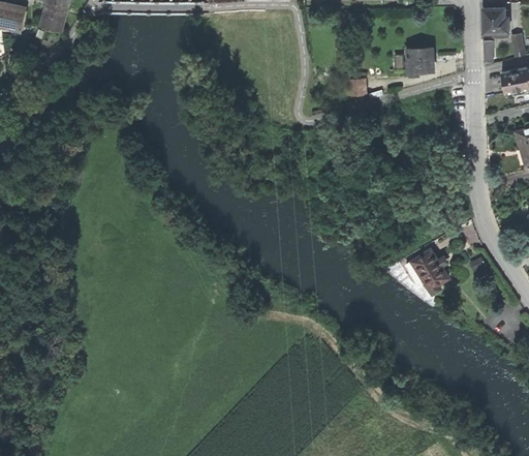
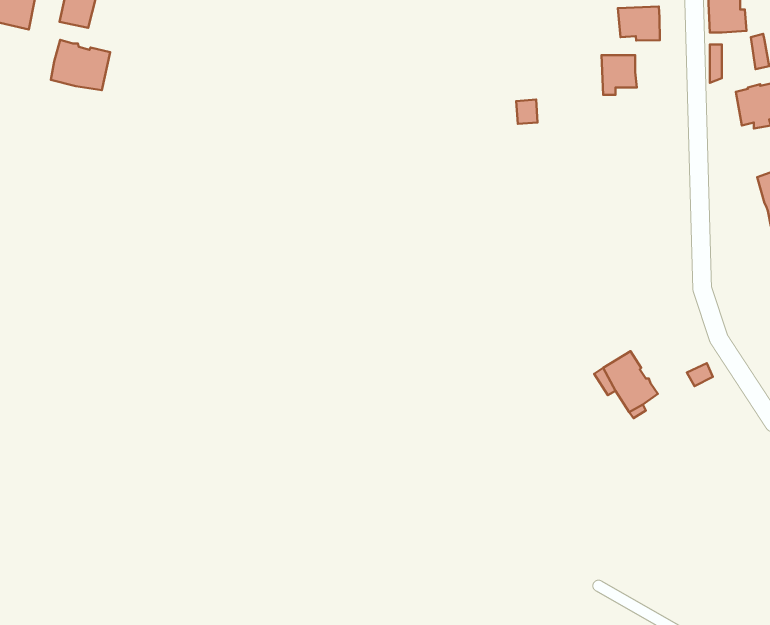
building: none -> [618,7,660,40]
building: none -> [51,40,110,90]

